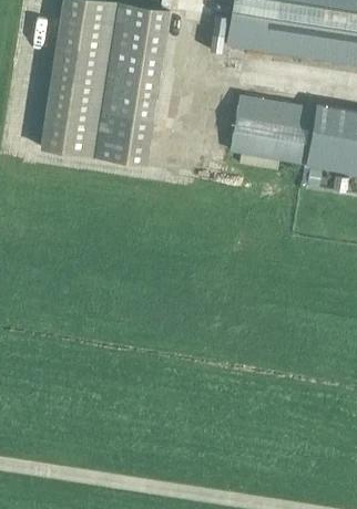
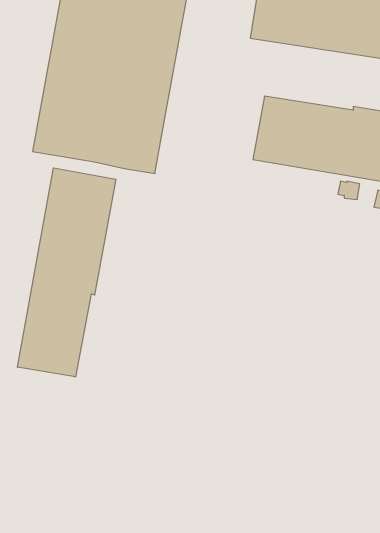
building: none -> [17,168,116,377]

